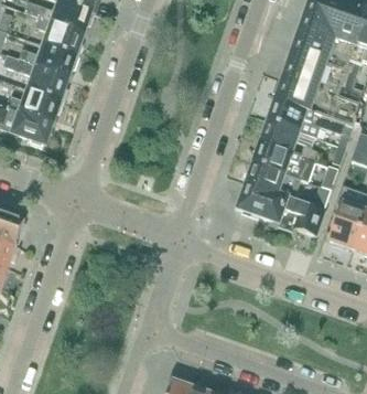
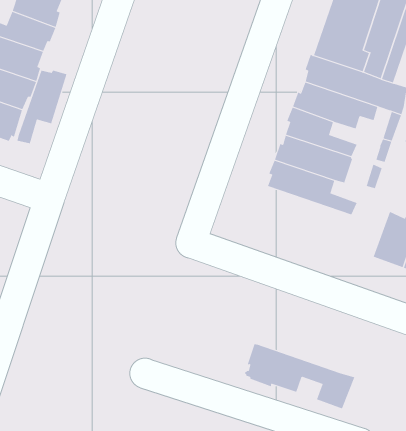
building: none -> [17,70,67,144]
building: [236,183,324,235] -> [244,344,355,409]

